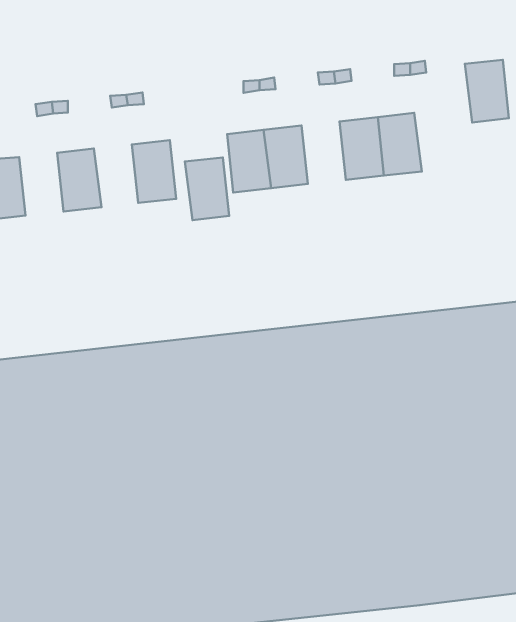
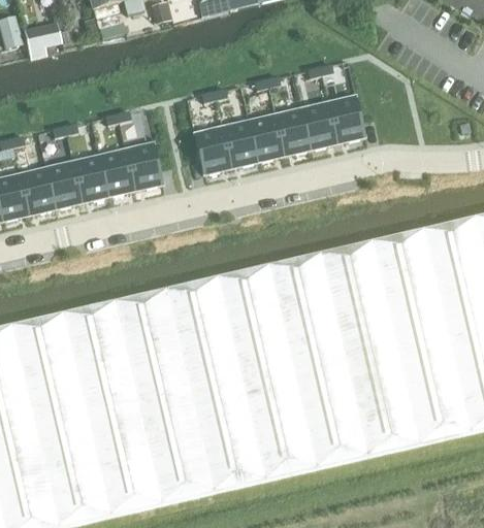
building: [465,60,509,123] -> [322,97,358,144]
building: none -> [243,116,279,163]
building: none -> [43,162,79,209]
building: [185,157,229,220] -> [96,150,132,197]

